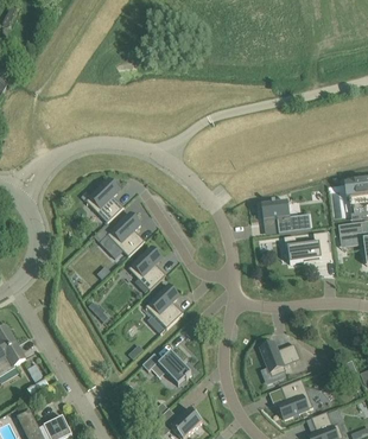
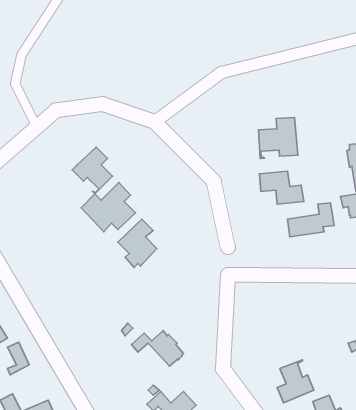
building: none -> [259,117,298,158]
building: [144,284,182,329] -> none
building: [259,342,299,377] -> none

